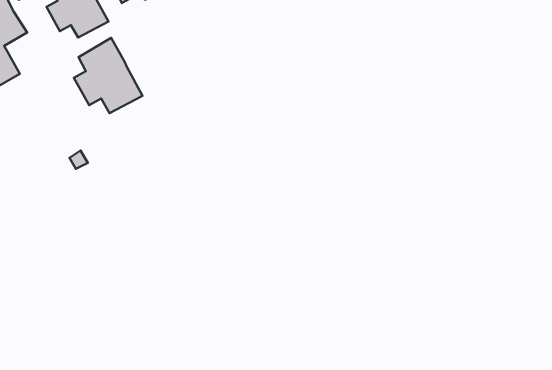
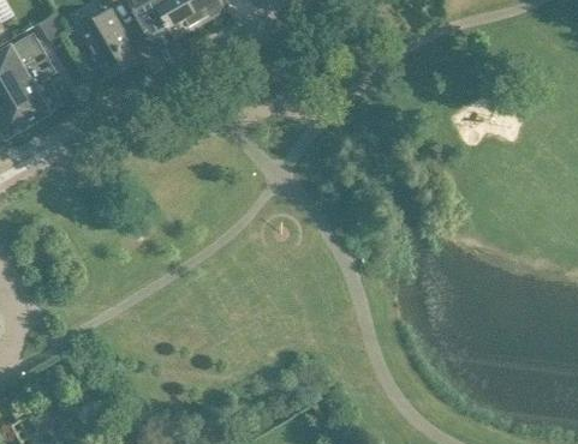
building: [74,38,143,113] -> none

